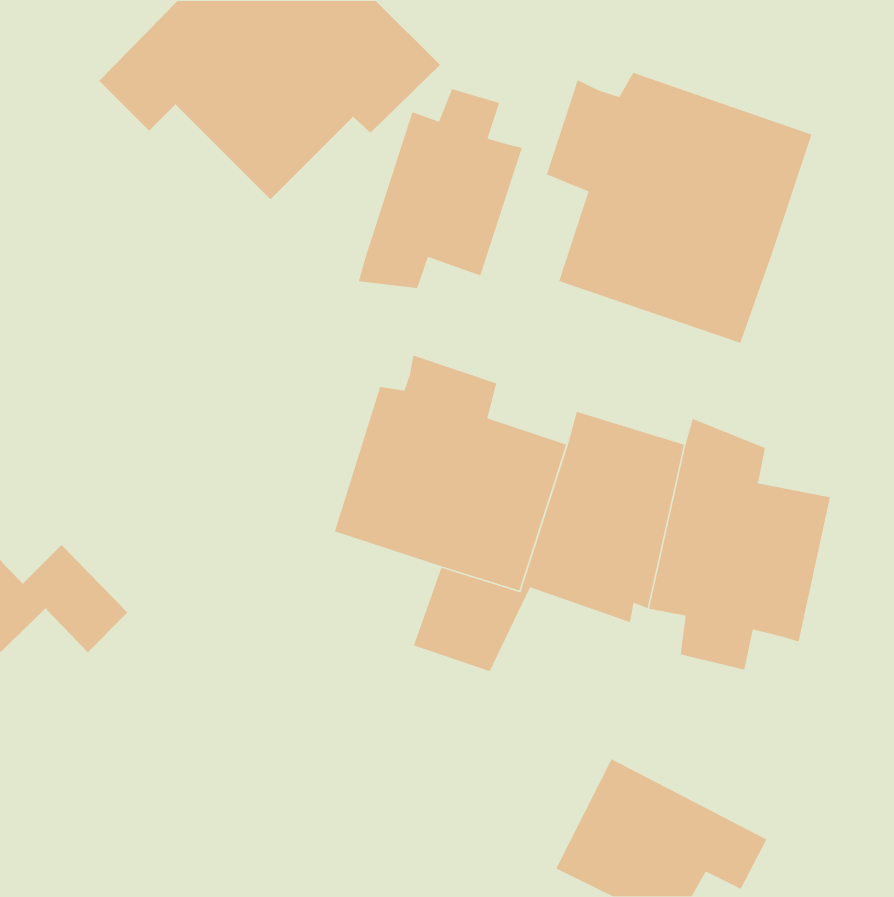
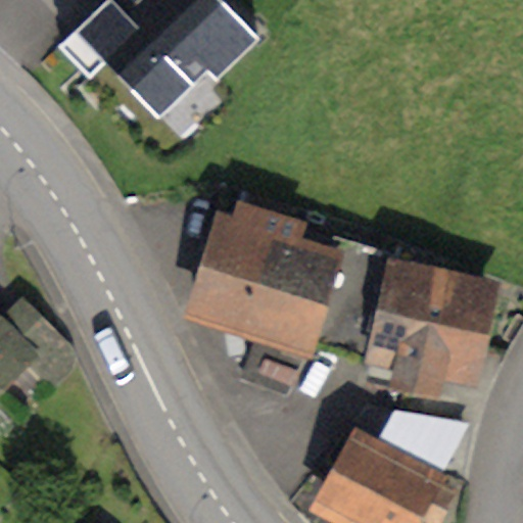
building: [546,72,813,344] -> none
building: [358,88,523,289] -> none
building: none -> [380,411,472,477]

